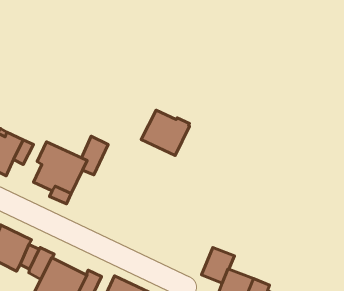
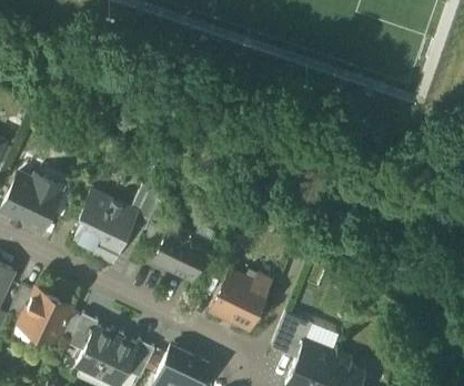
building: [141,110,189,155] -> [152,226,209,280]
building: none -> [210,271,272,329]

